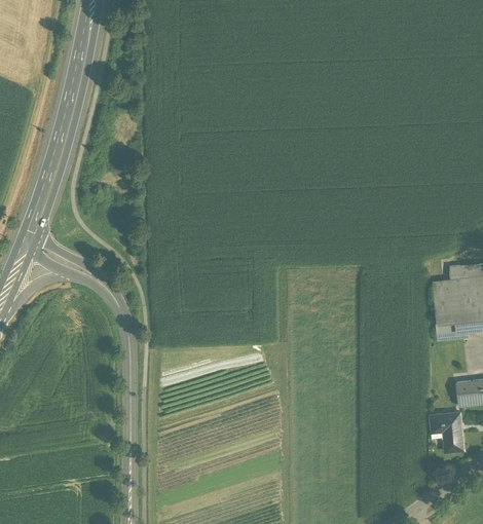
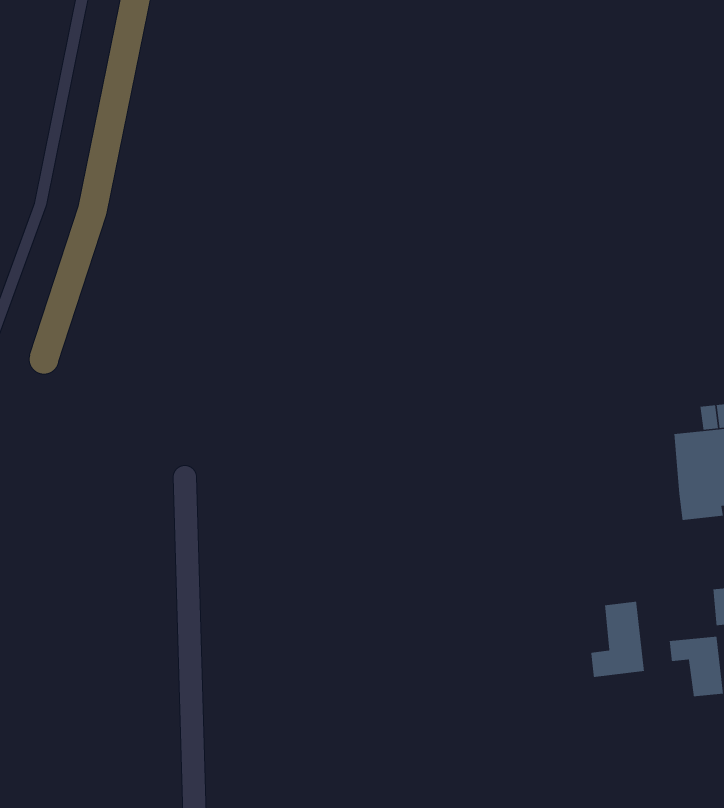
building: none -> [590,601,645,678]

